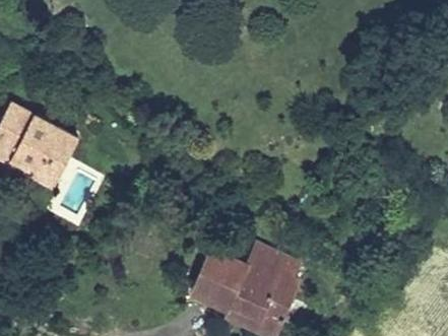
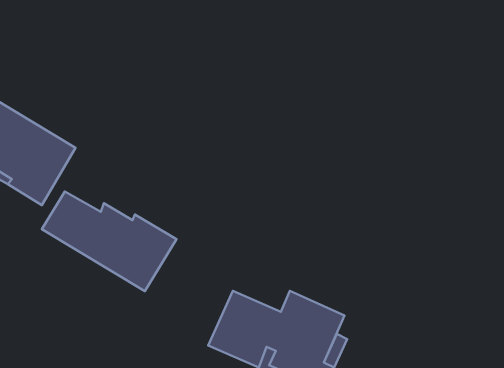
building: none -> [42,191,177,291]

